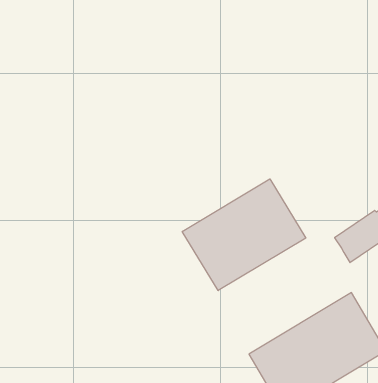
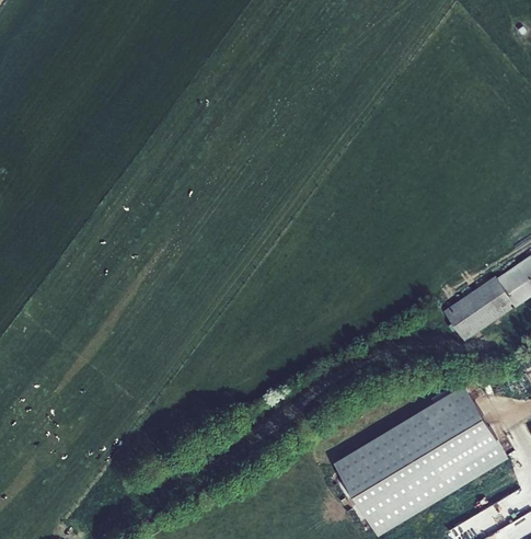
building: [182,179,306,291] -> none

